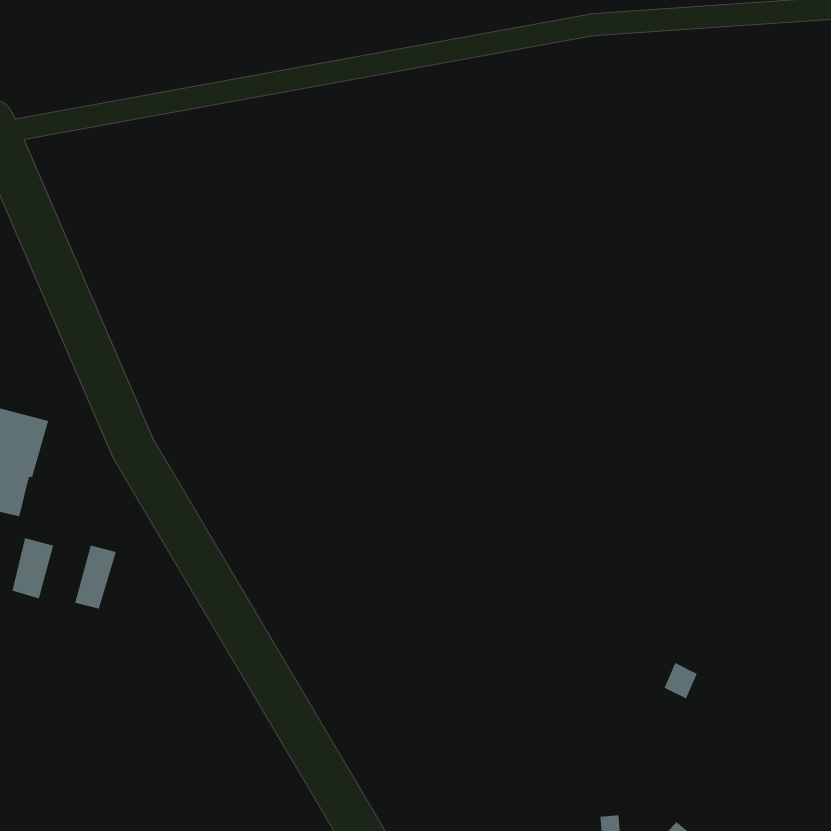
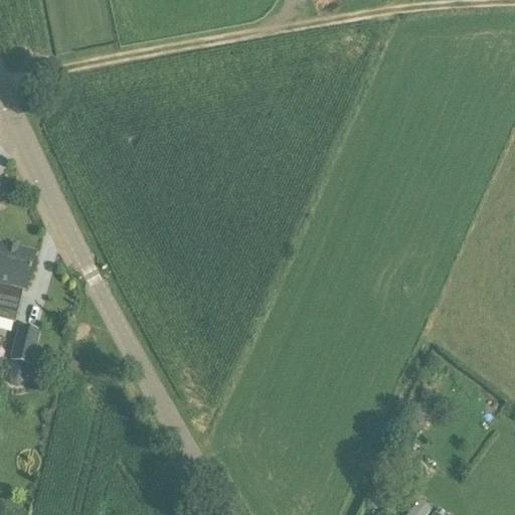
building: [74,544,117,610] -> none

